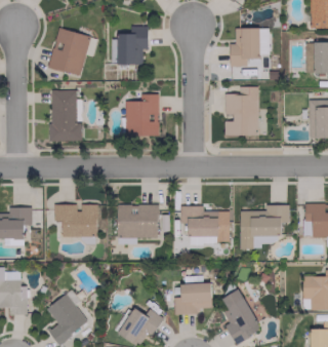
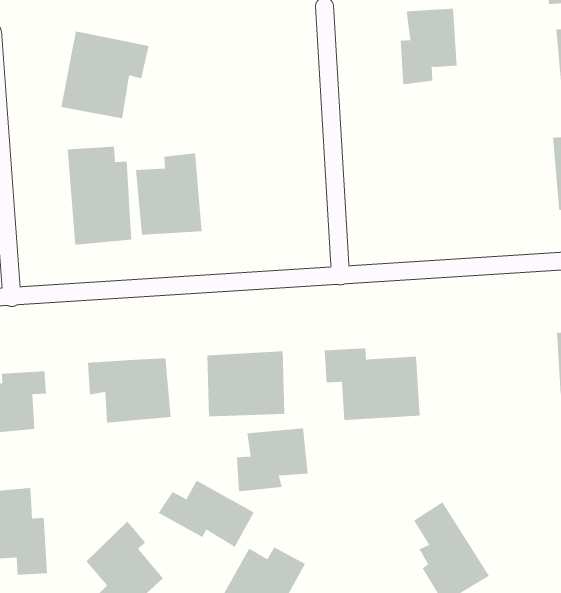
building: [118,26,149,65] -> none
building: [224,86,258,136] -> none
building: [125,93,159,136] -> [135,153,203,235]
building: [240,204,289,248] -> none
building: none -> [158,480,255,548]
building: [174,283,212,315] -> [236,428,309,492]

